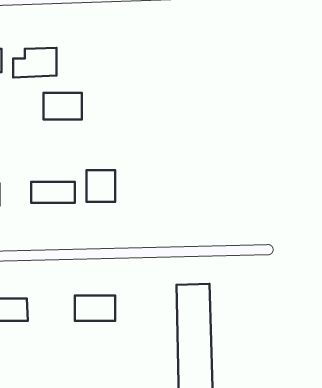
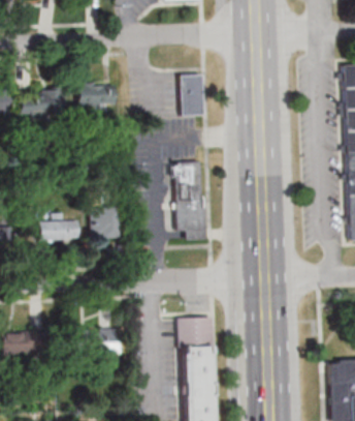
building: none -> [182,76,204,116]
building: [44,93,82,120] -> [79,84,117,110]
building: none -> [175,161,206,241]

